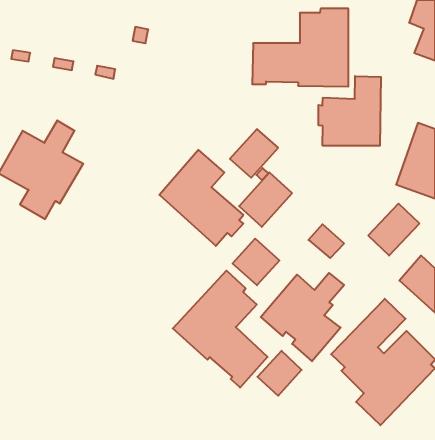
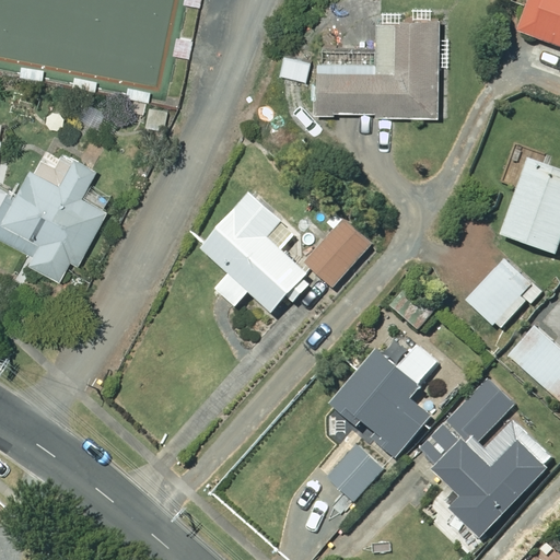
building: [318,76,381,146] -> none
building: [230,129,278,178] -> none
building: [233,239,279,285] -> none
building: [173,271,268,388] -> none

